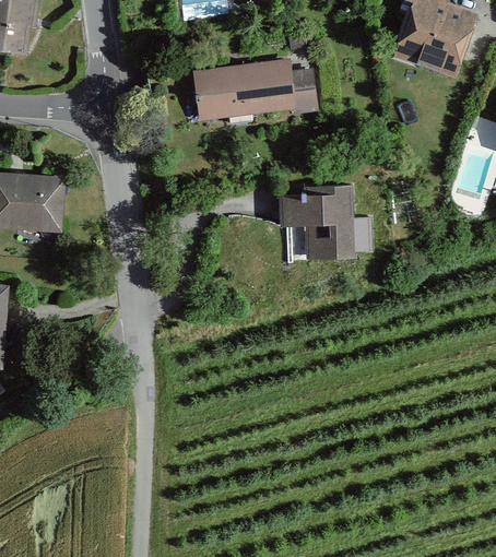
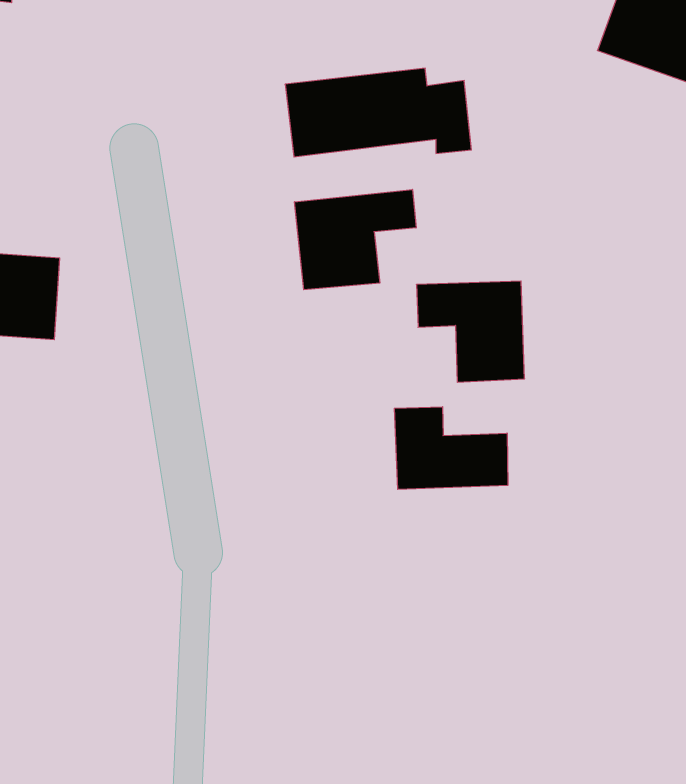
building: none -> [295,189,416,290]
building: none -> [394,407,508,489]

